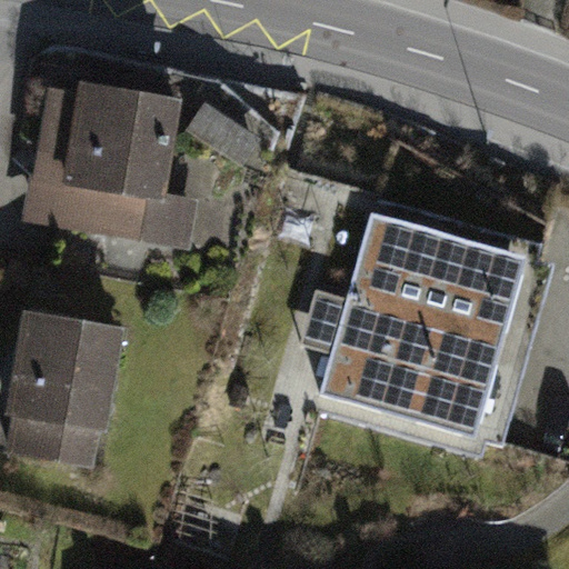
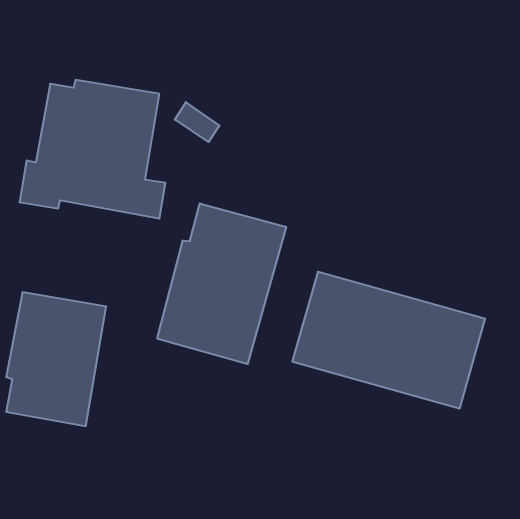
building: [346,212,552,347] -> none
building: none -> [157,203,286,364]

